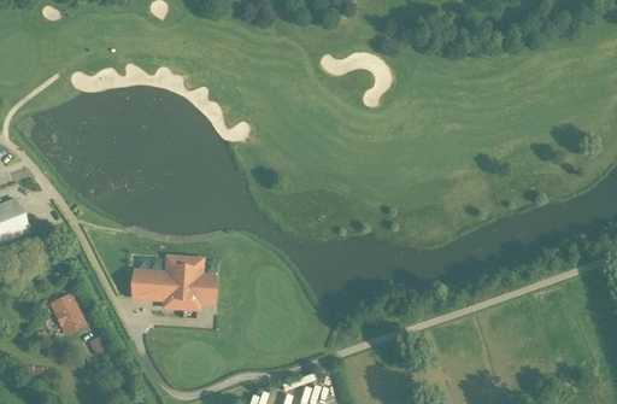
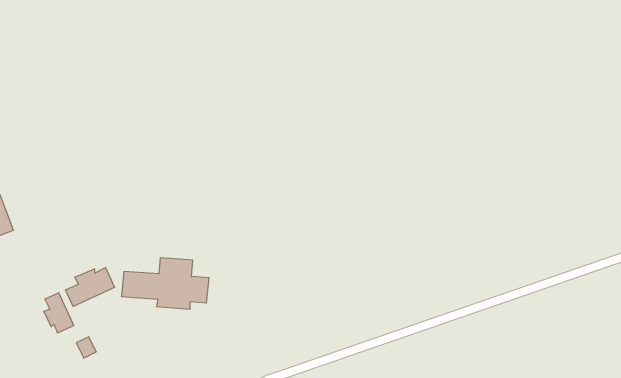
building: none -> [65,268,115,306]

